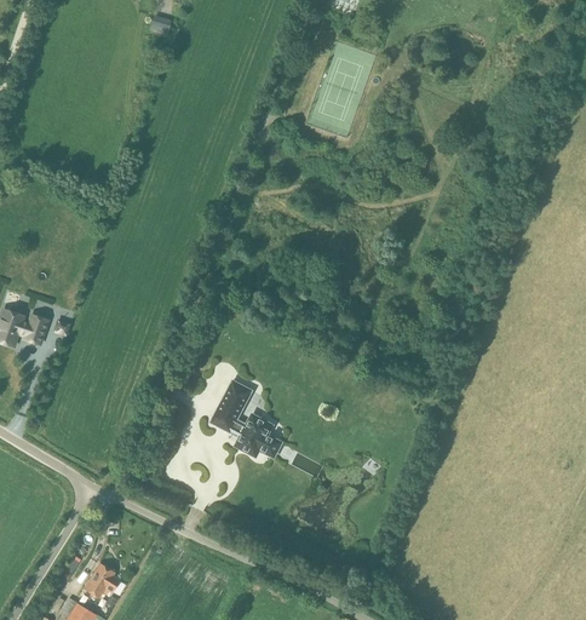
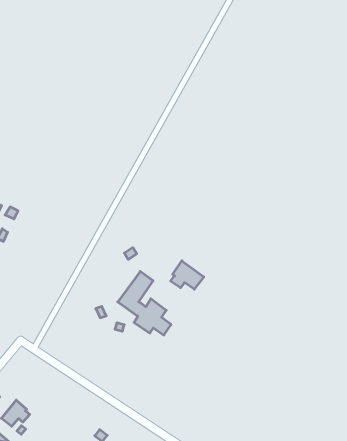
building: none -> [171,261,204,289]

